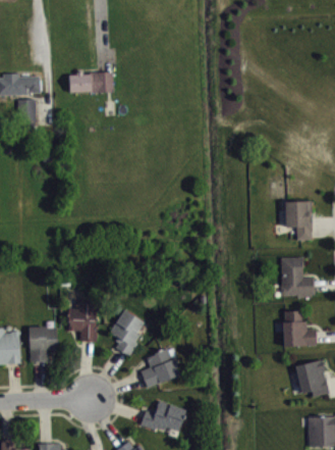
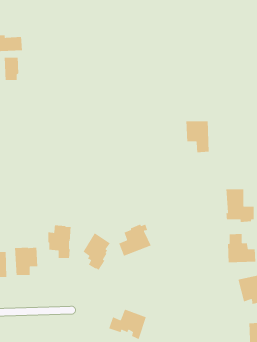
building: [68,71,112,94] -> none
building: [284,201,313,240] -> [185,121,209,153]
building: [141,348,180,388] -> [118,224,152,257]

